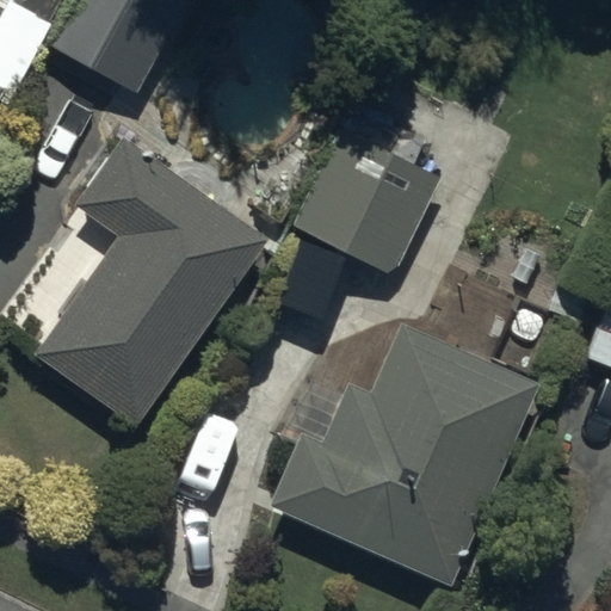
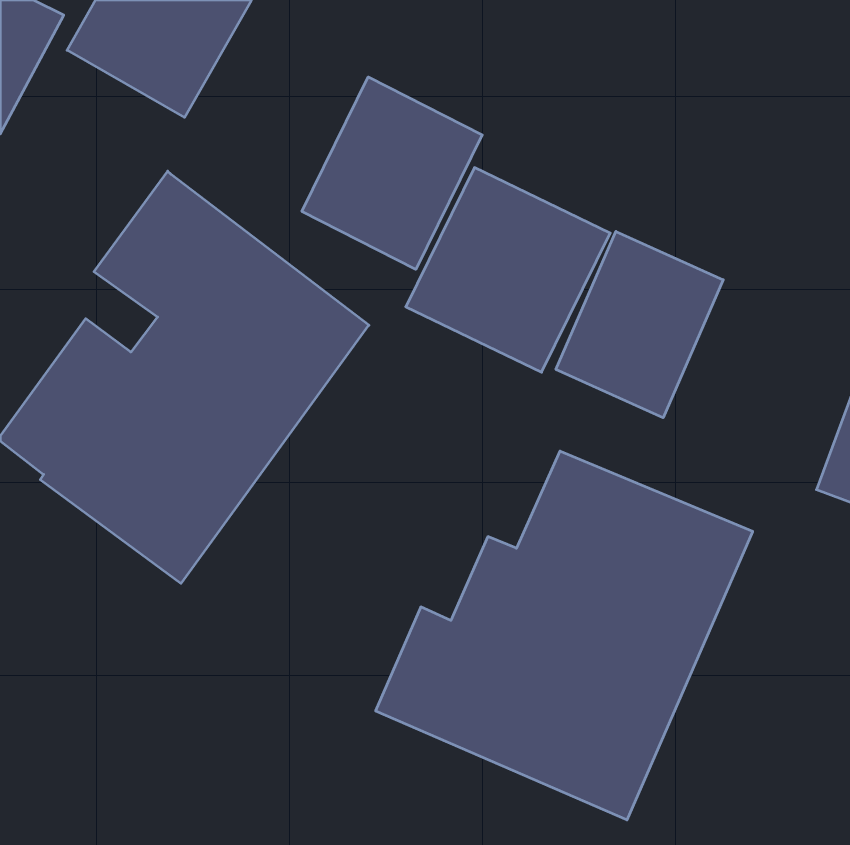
building: none -> [302,77,482,269]
building: none -> [556,231,723,418]

